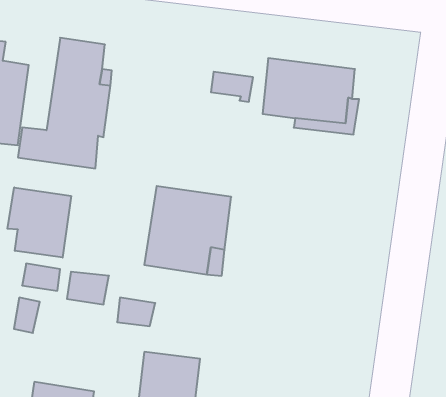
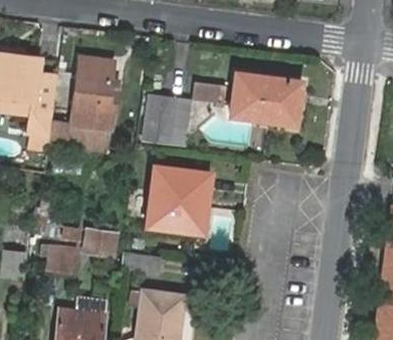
building: none -> [141,93,189,142]
building: [7,187,71,258] -> none

